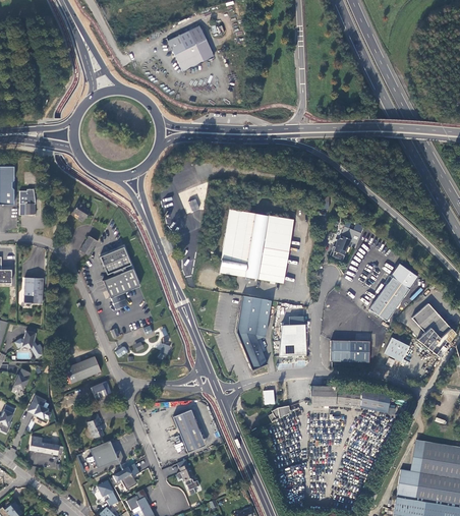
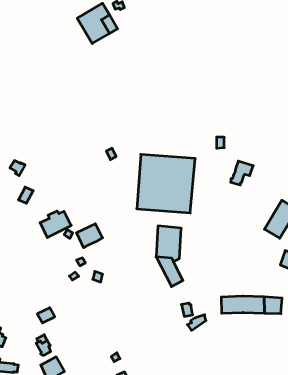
building: [100,246,130,274] -> [76,224,103,248]
building: [281,324,305,354] -> none
building: [330,339,368,361] -> none
building: [70,355,100,380] -> none
building: [173,408,205,451] -> none

